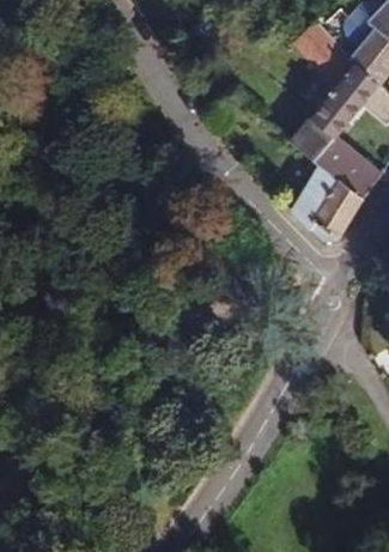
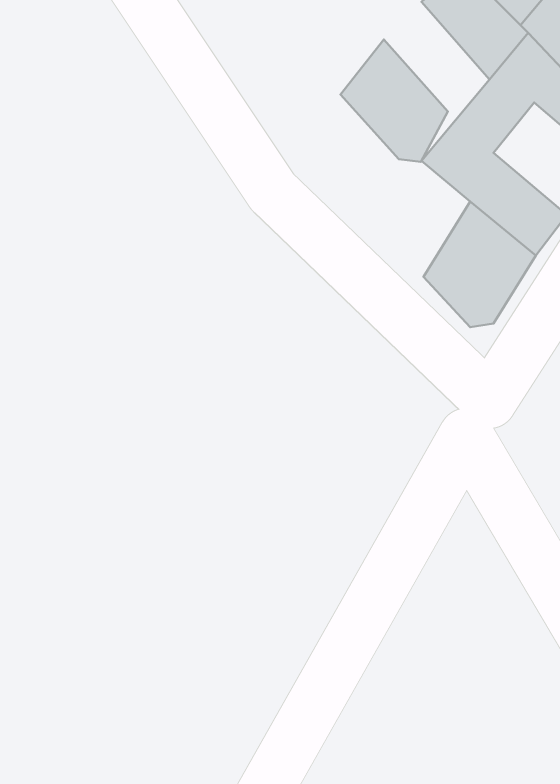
building: none -> [341,40,448,162]

